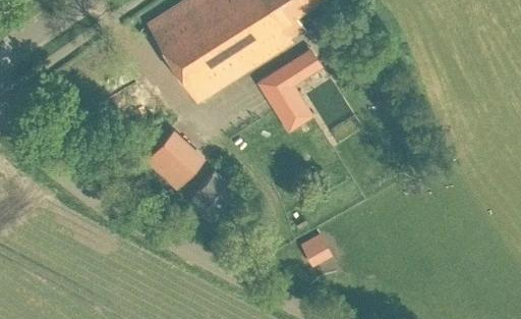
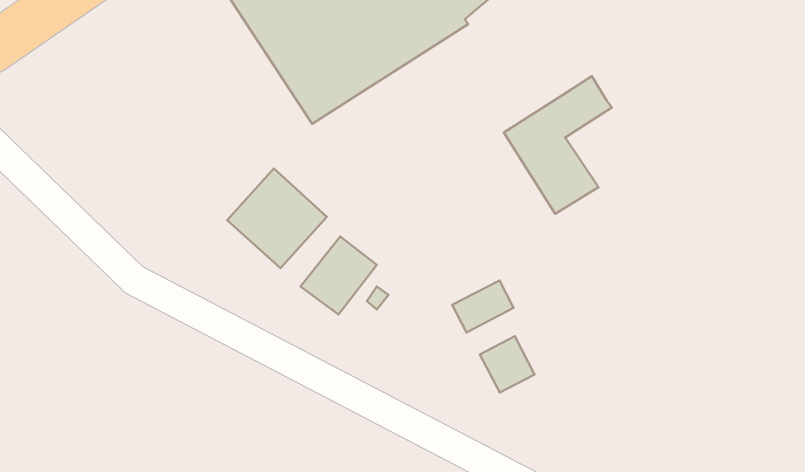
building: [254,49,321,134] -> [504,76,612,214]
building: none -> [452,280,514,332]

